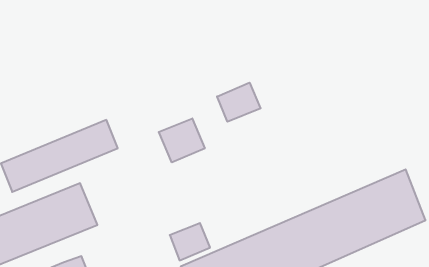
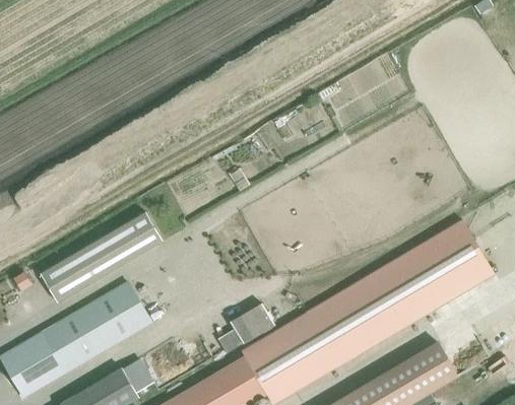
building: [217,83,261,122] -> none
building: [159,118,205,162] -> none

